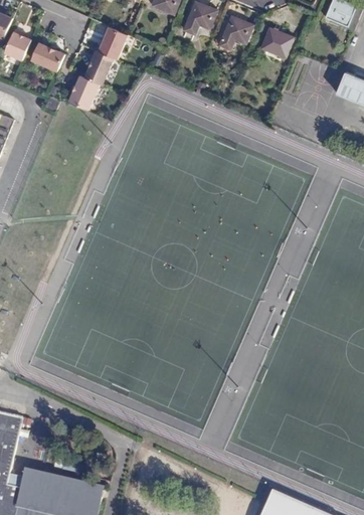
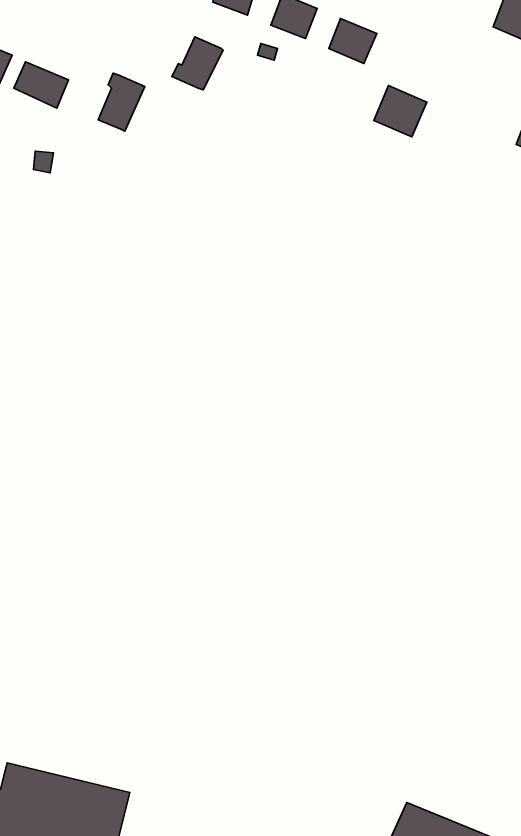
building: [95,26,126,58] -> [172,37,223,90]
building: [259,28,292,59] -> [374,86,427,137]
building: [65,75,97,110] -> none

